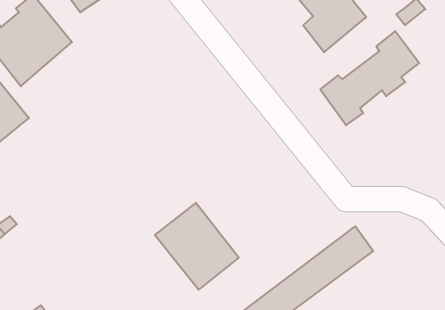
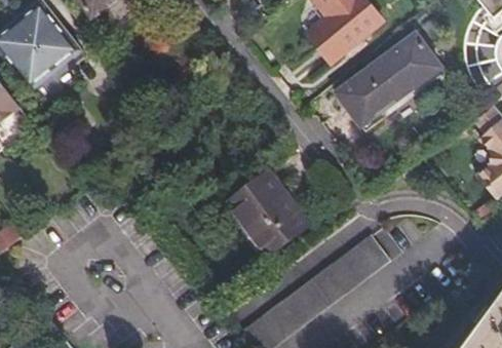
building: [155,203,239,290] -> [224,169,310,259]

